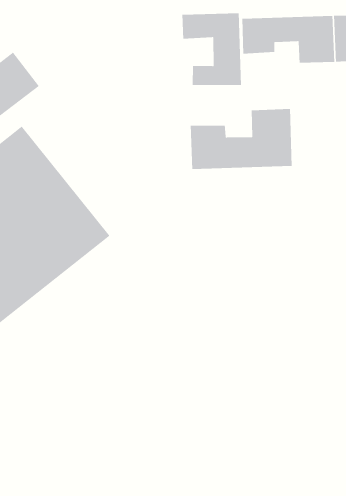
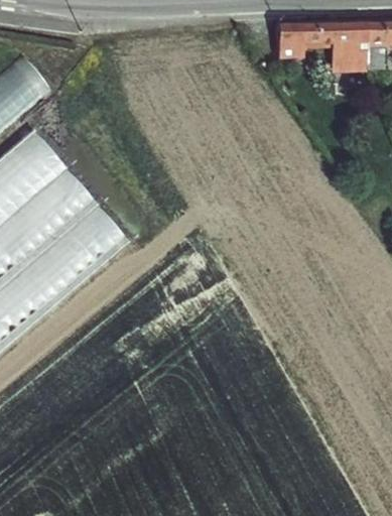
building: [181,13,242,86] -> none
building: [190,108,292,170] -> none

